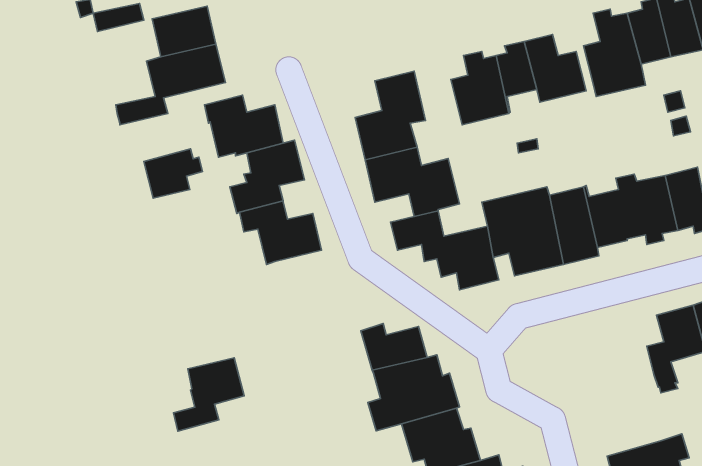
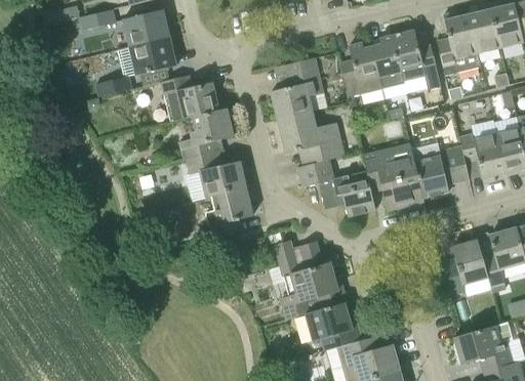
building: [144,149,202,198] -> none
building: none -> [442,240,488,297]
building: [174,358,244,431] -> [202,188,253,242]

